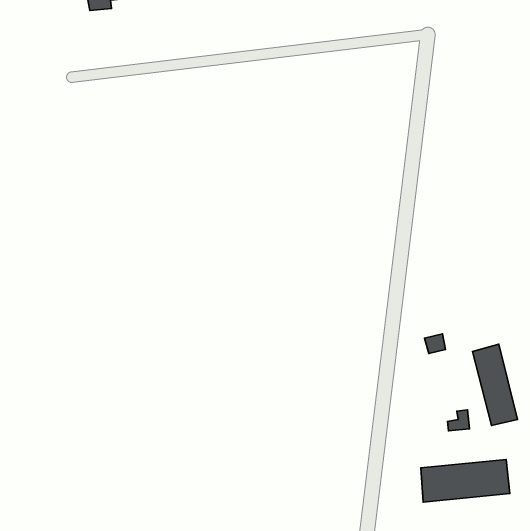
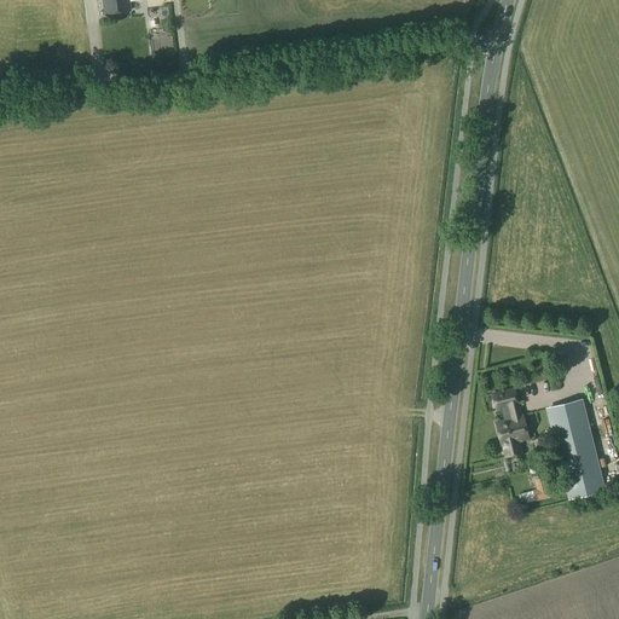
building: none -> [498,415,531,455]
building: [421,460,510,502] -> none

